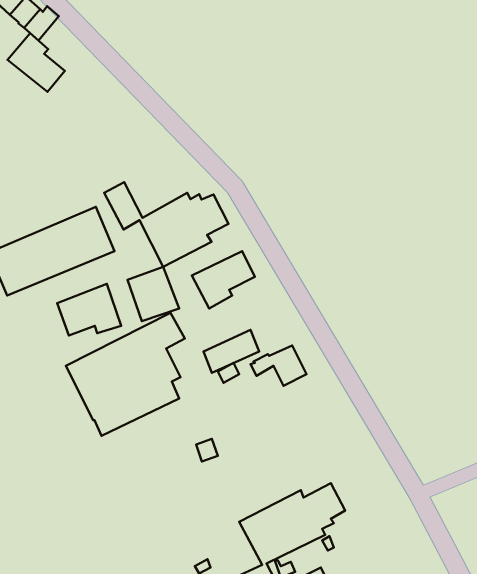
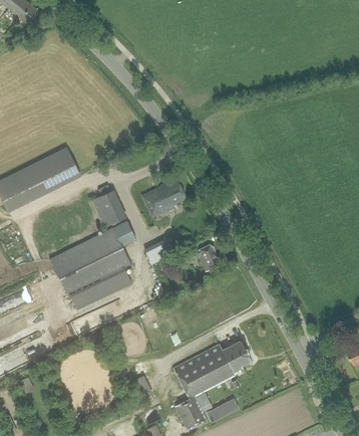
building: [7,33,65,92] -> none
building: [104,182,229,267] -> none
building: [57,284,121,335] -> none

